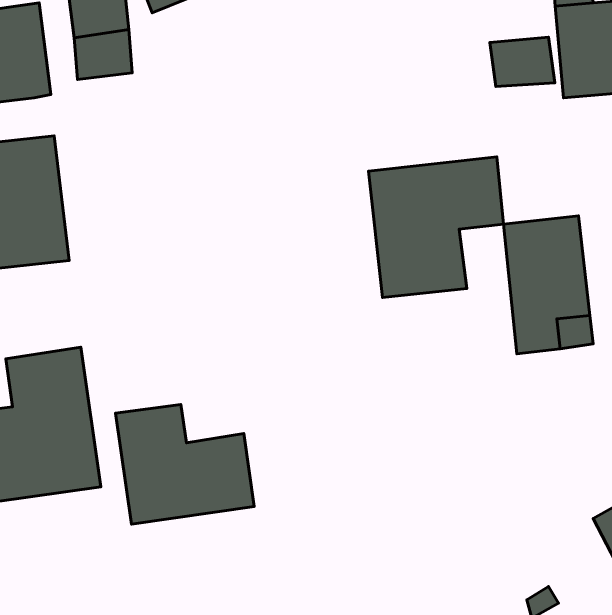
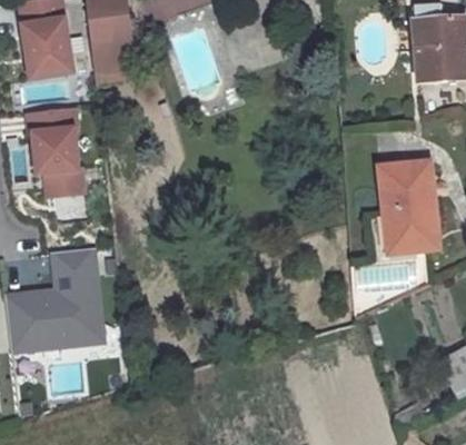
building: [490,37,555,87] -> none
building: [368,157,503,298] -> none
building: [115,404,254,524] -> none

